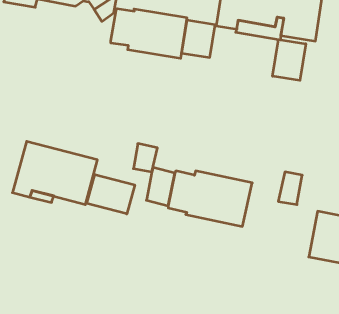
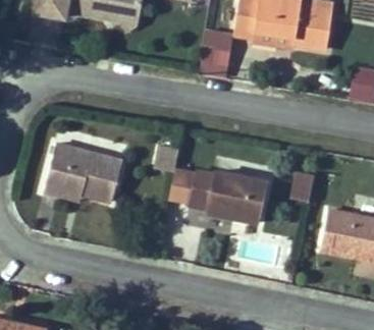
building: [111,9,187,58] -> none
building: [273,40,306,80] -> none
building: [87,174,135,214] -> none

